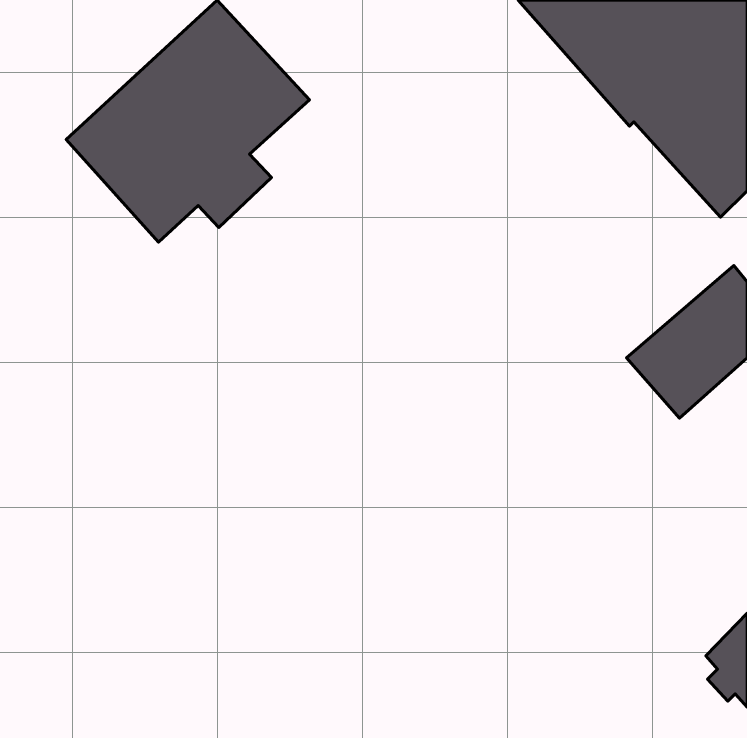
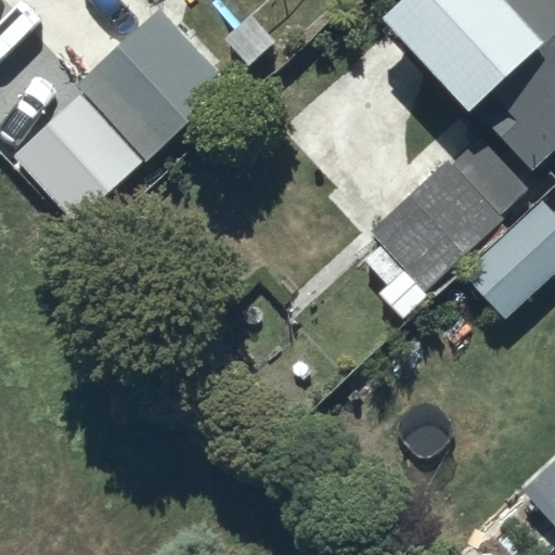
building: none -> [365,135,527,301]

